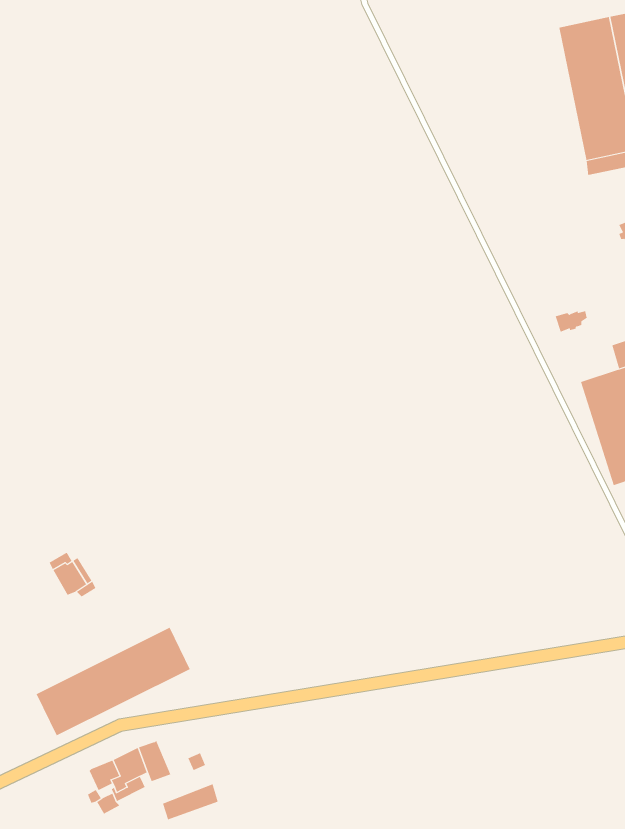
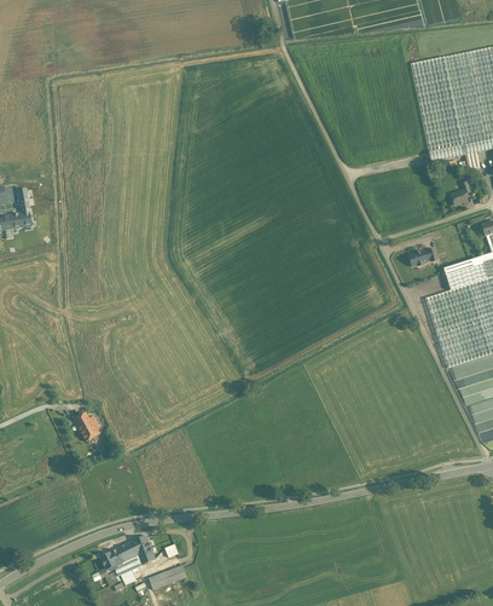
building: [36,627,190,736] -> none

